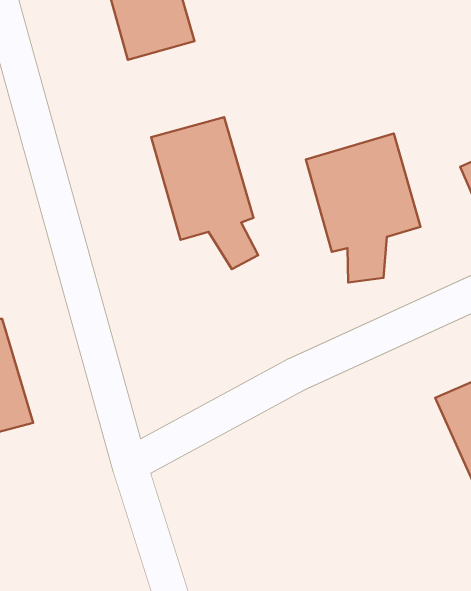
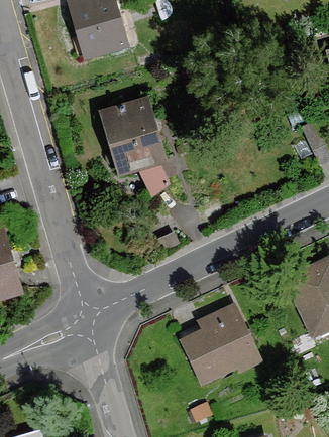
building: [306,133,421,282] -> none
building: none -> [182,304,262,385]

